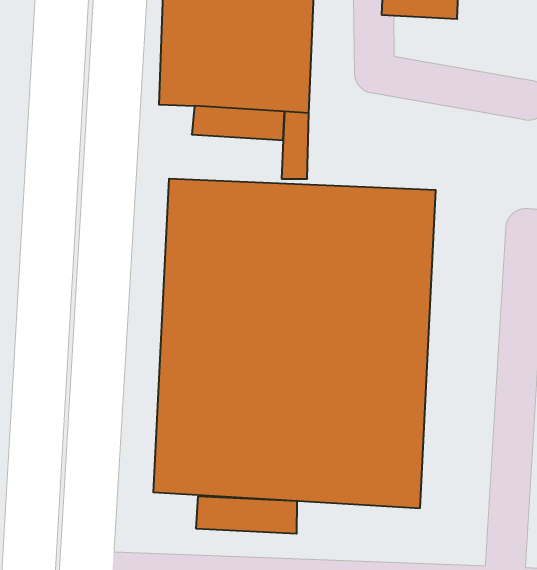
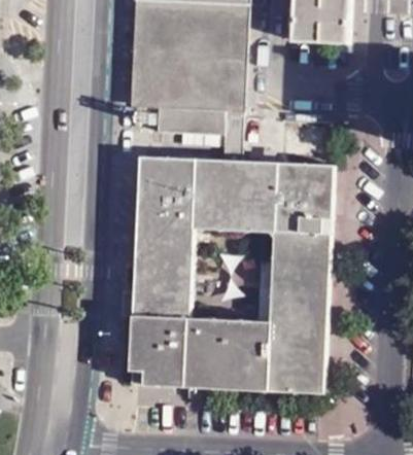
building: [196,496,297,534] -> none

